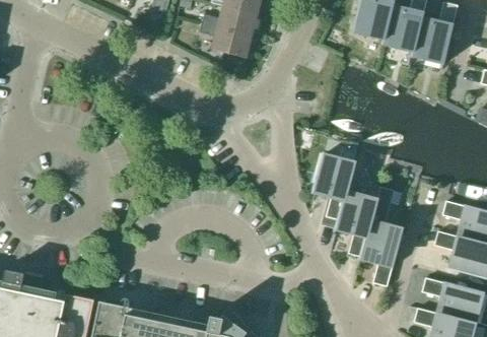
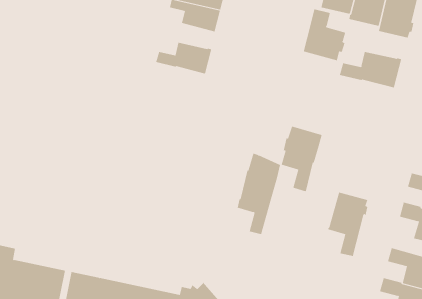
building: none -> [303,8,346,61]
building: none -> [156,42,212,75]
building: none -> [339,51,402,90]
building: [336,174,380,257] -> [237,153,281,235]

